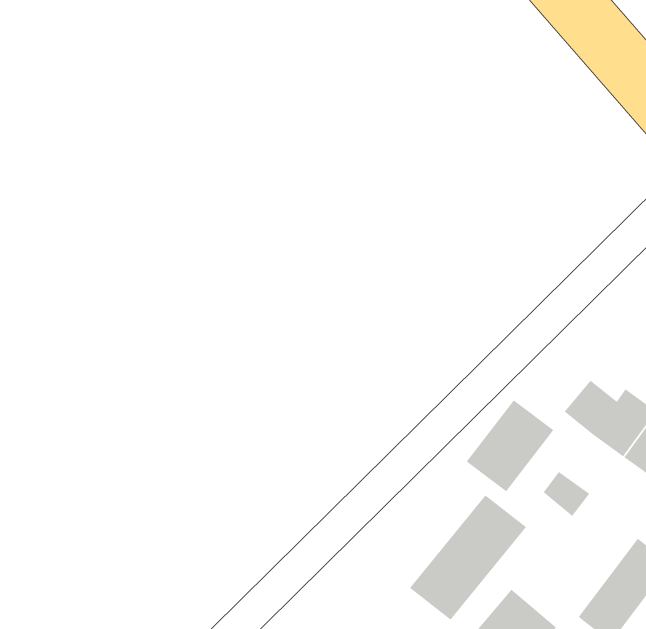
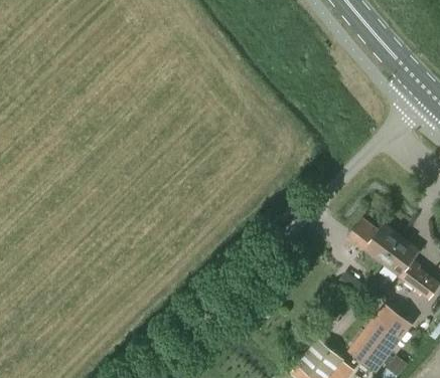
building: [466,400,554,492] -> none
building: [409,495,527,621] -> none

